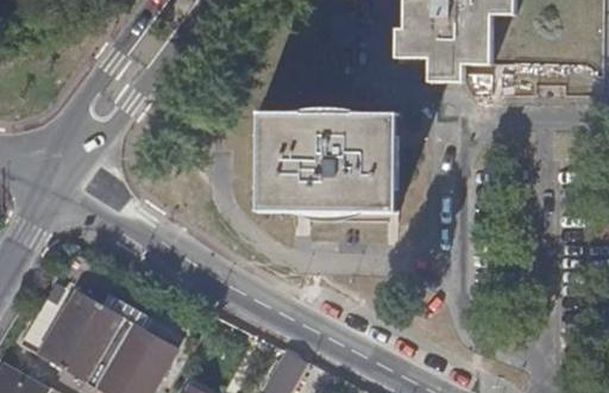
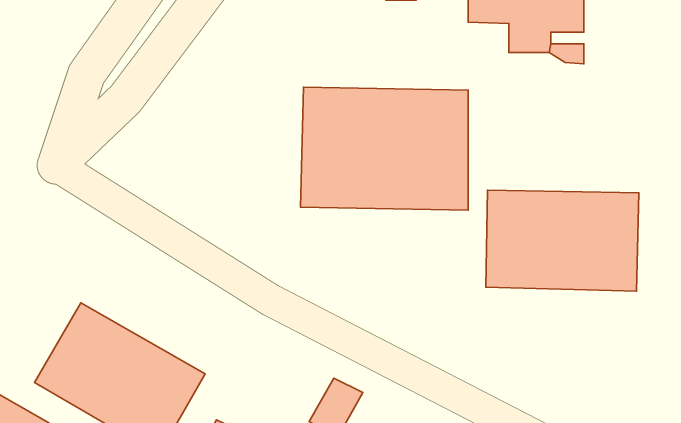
building: none -> [486,190,639,291]

